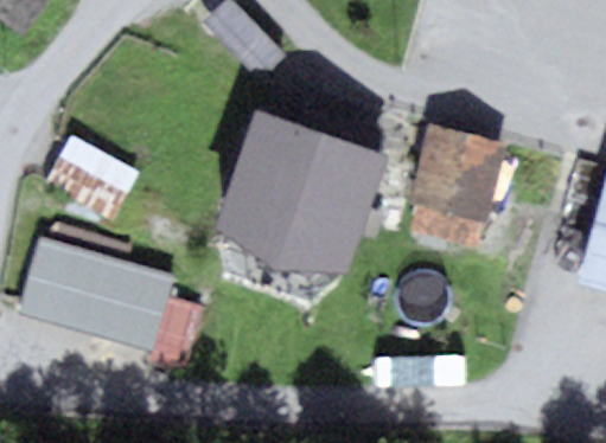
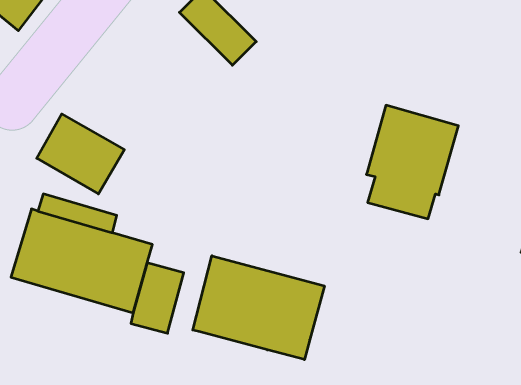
building: [213,110,387,272] -> none
building: none -> [193,256,324,360]

